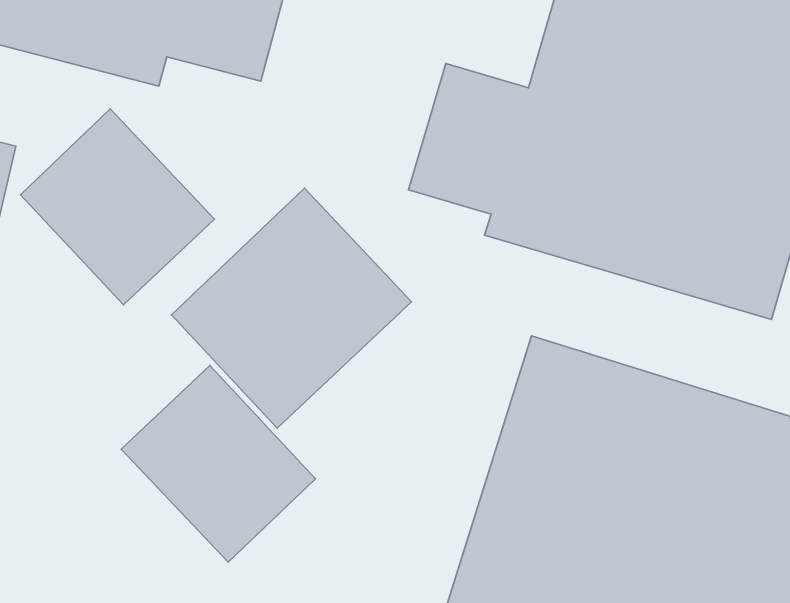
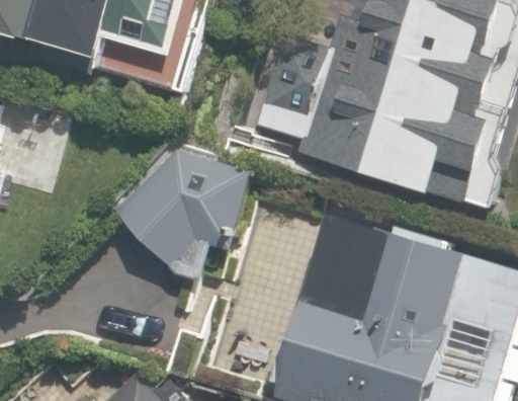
building: [21,109,214,305] -> none
building: [121,366,316,562] -> none

